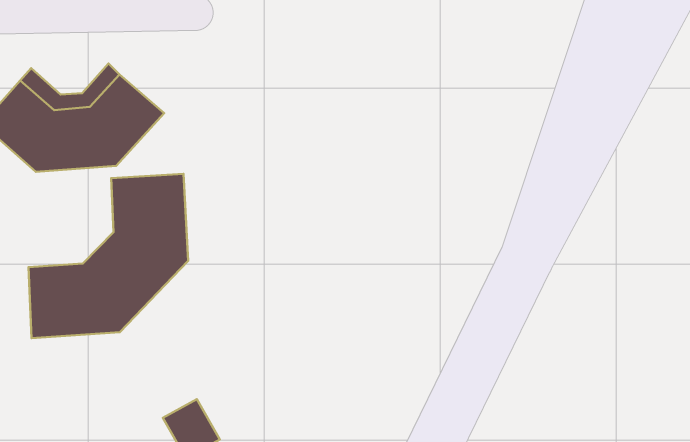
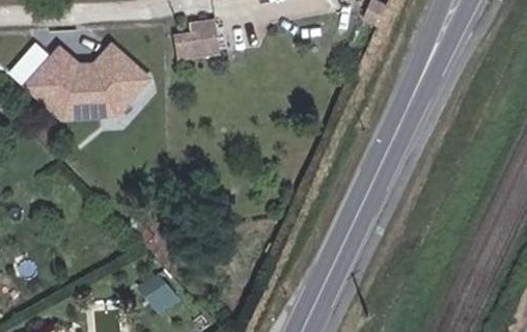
building: none -> [172,21,219,58]
building: [28,174,188,338] -> none

